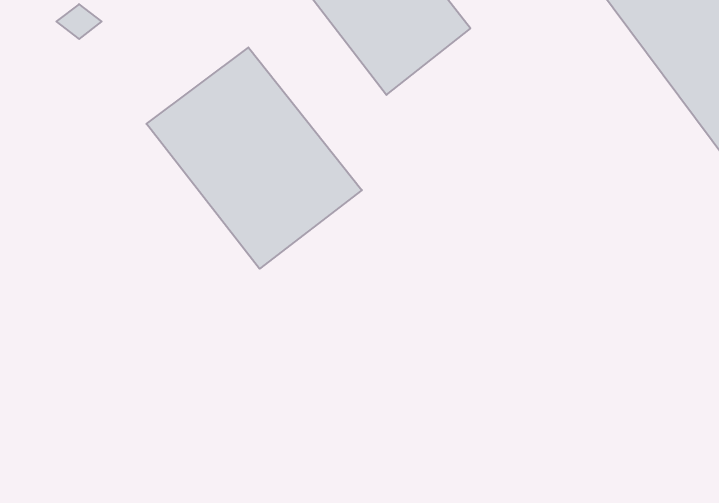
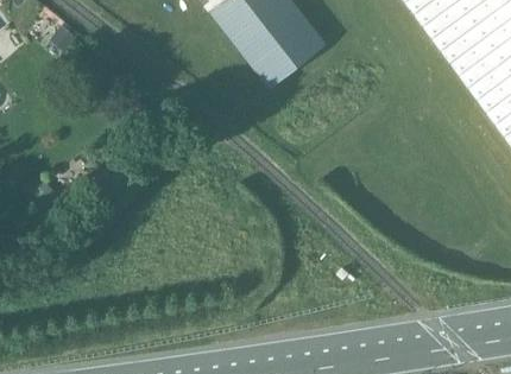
building: [146,47,362,269] -> none

